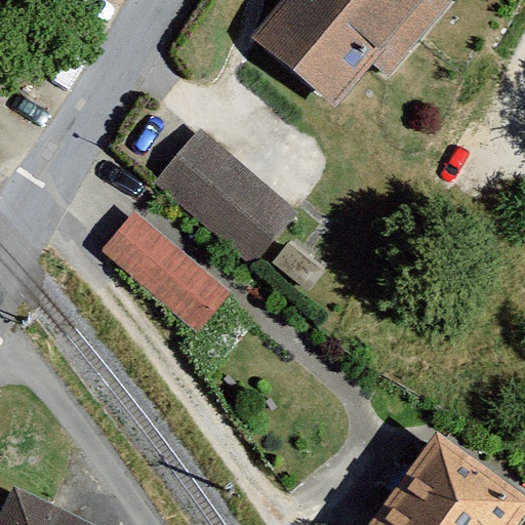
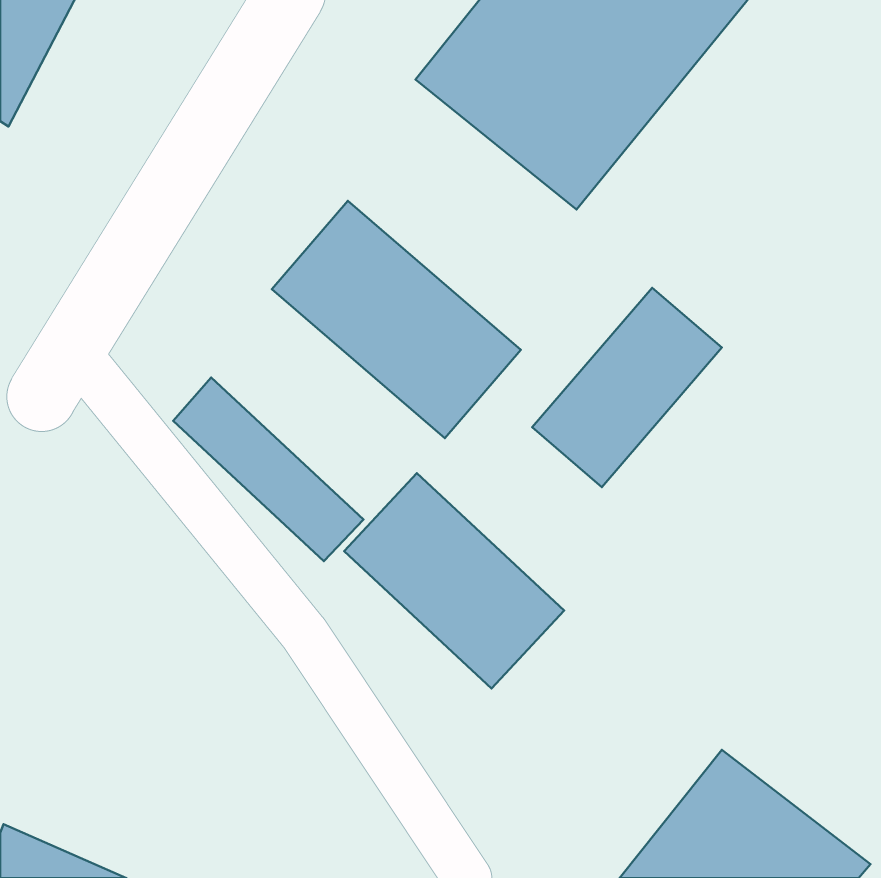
building: none -> [532,288,722,487]
building: none -> [344,473,564,689]

